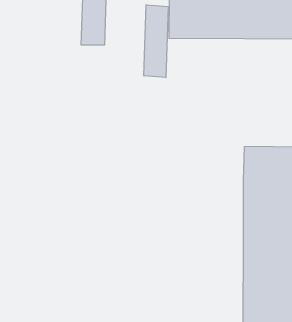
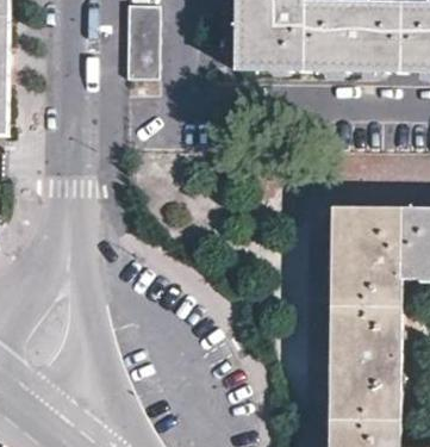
building: [144,5,168,78] -> none

